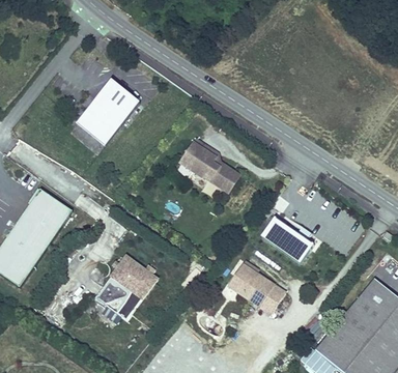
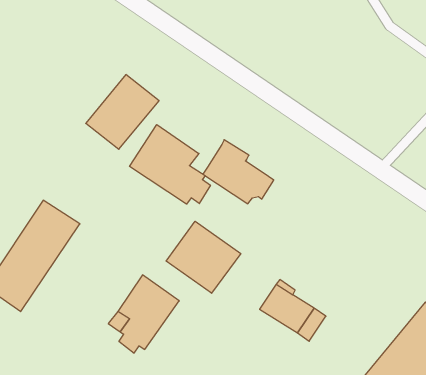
building: none -> [130,125,210,204]
building: none -> [166,221,241,293]
building: [261,217,313,263] -> none

